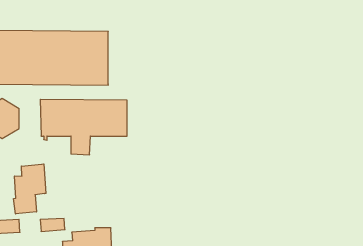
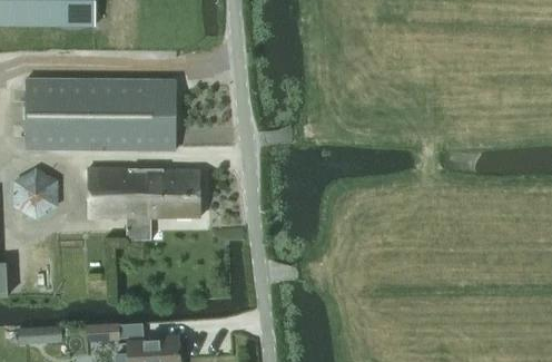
building: [14,164,46,214] -> none

